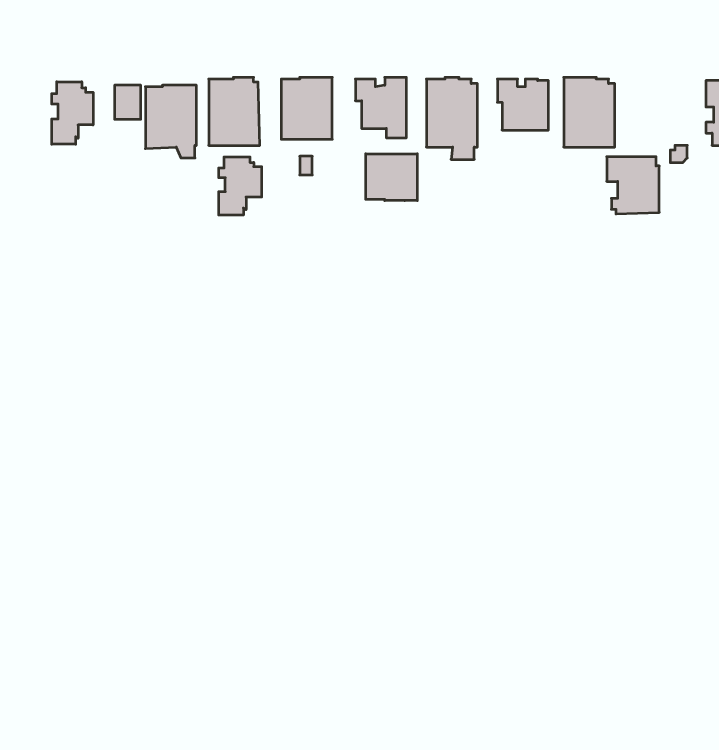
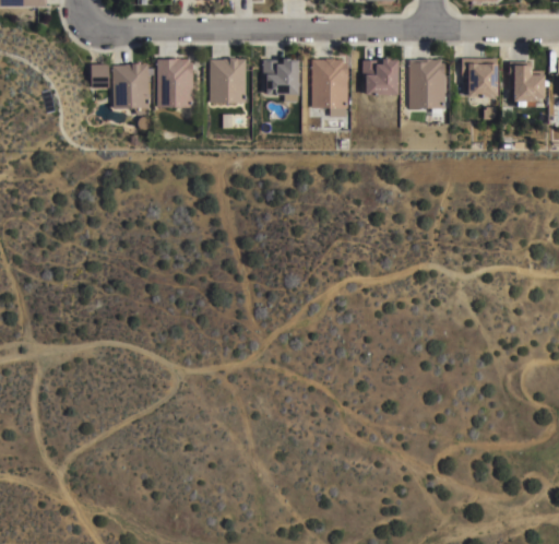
building: [52,82,93,144] -> none
building: [366,154,417,201] -> none
building: [607,157,659,214] -> [461,58,498,98]
building: [219,157,262,215] -> none

